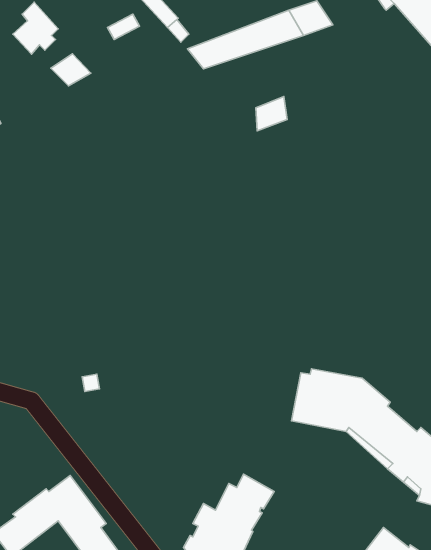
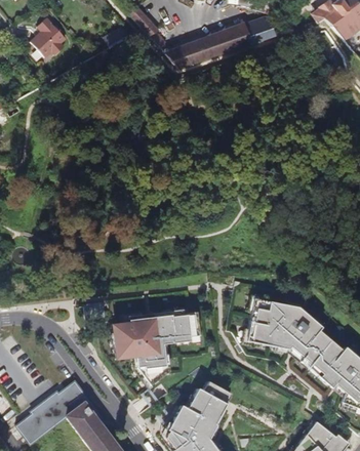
building: [51,54,91,86] -> none
building: [256,96,287,131] -> none
building: none -> [113,310,199,385]

